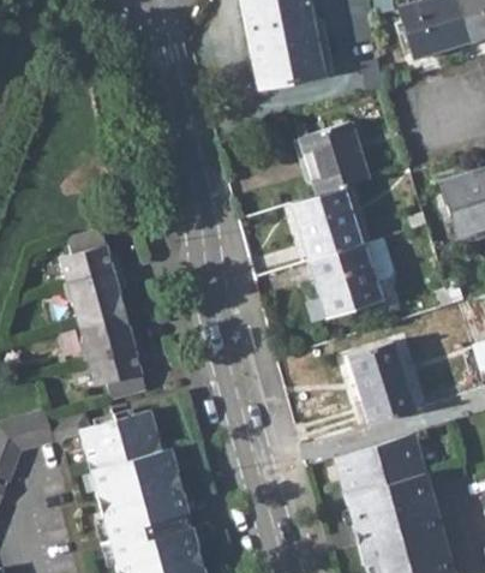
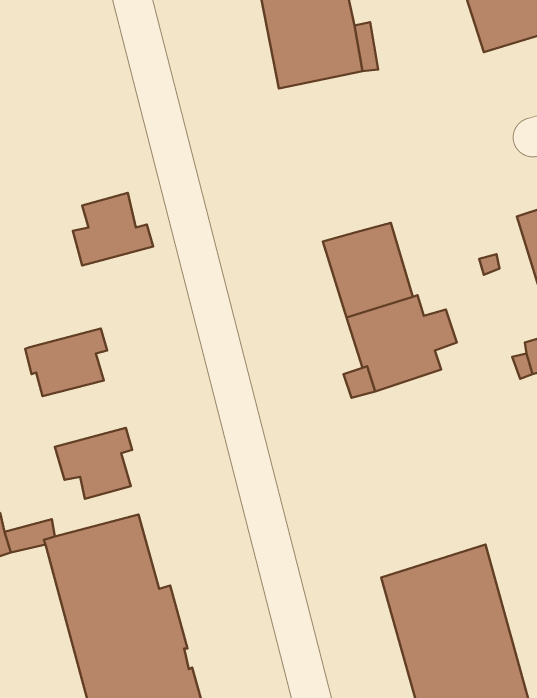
building: [300,123,369,196] -> none
building: [61,228,122,283] -> [73,193,153,265]
building: [78,309,142,360] -> none
building: [347,341,415,424] -> none

